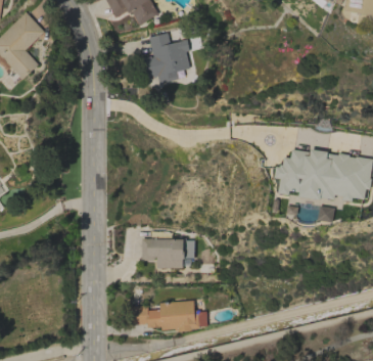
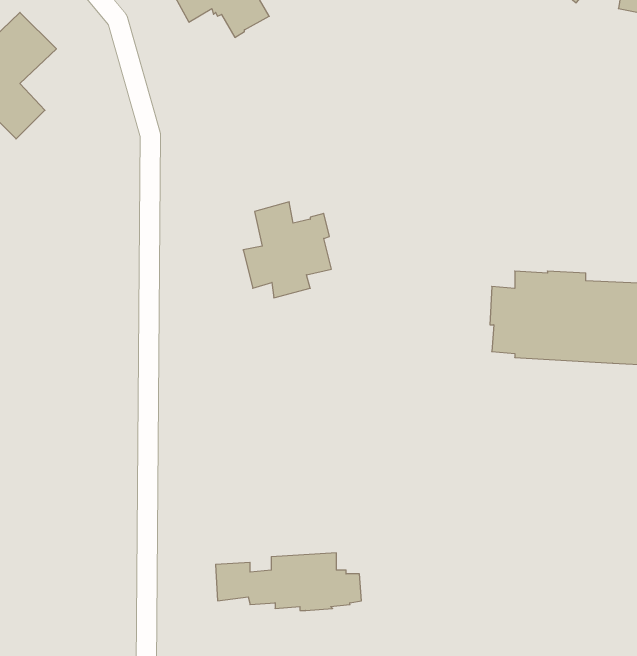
building: [143,33,190,84] -> [243,202,331,298]
building: [141,238,194,268] -> none

